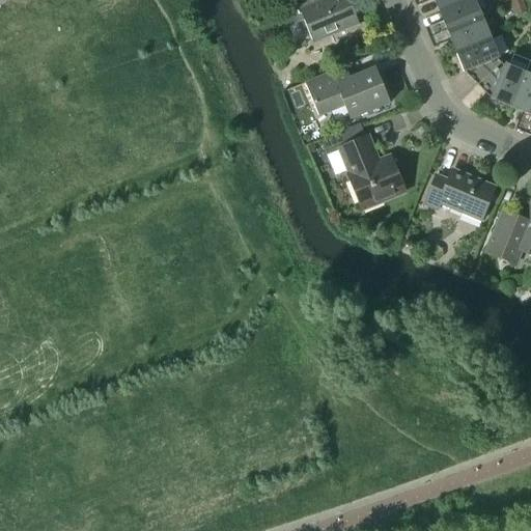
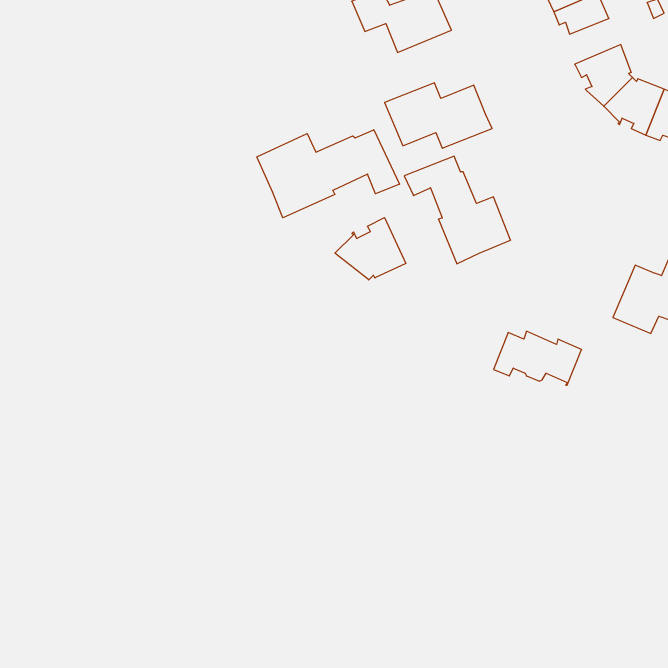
building: [452,15,493,51] -> none
building: none -> [257,130,399,218]
building: none -> [335,218,406,280]
building: [425,173,495,216] -> [494,331,582,385]

